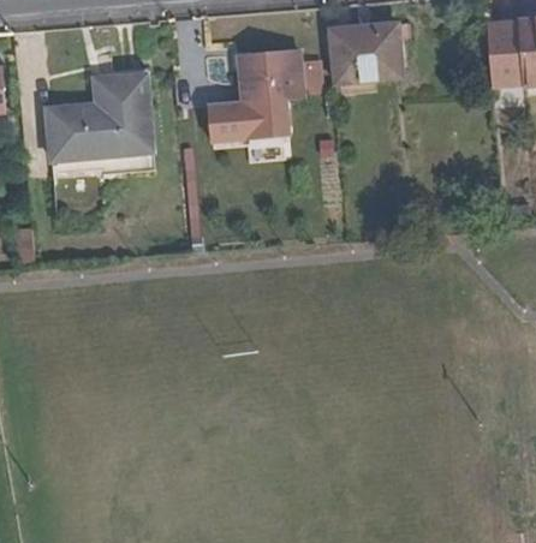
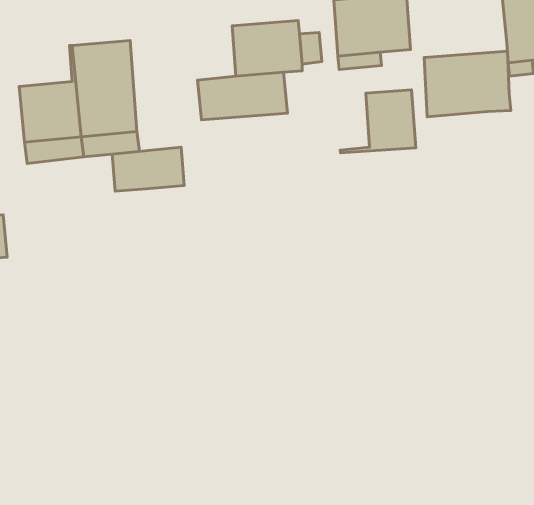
building: none -> [424,51,511,117]
building: none -> [340,90,416,153]
building: none -> [112,147,184,191]

